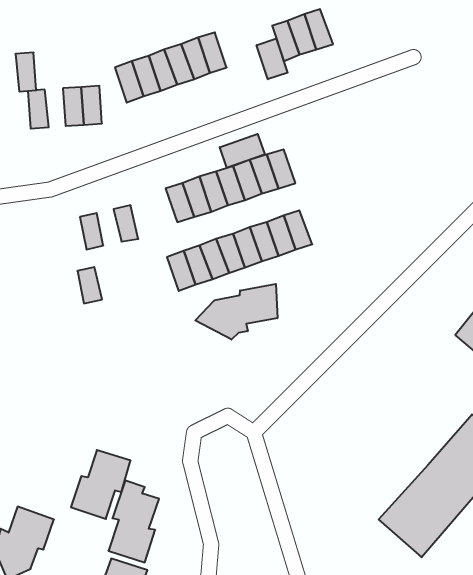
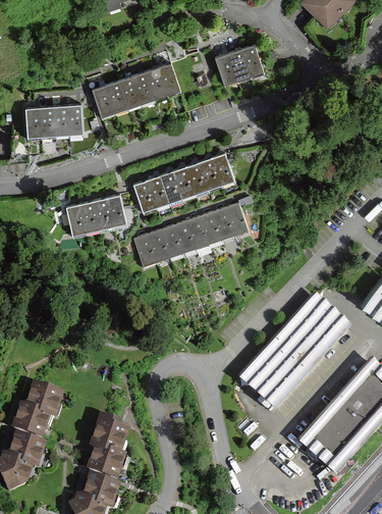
building: [257,39,288,79] -> none
building: [15,53,36,92] -> [38,105,54,136]
building: [220,134,265,168] -> none
building: none -> [105,194,124,223]
building: [77,267,102,303] -> [78,200,98,228]
building: [195,284,277,340] -> none
building: none -> [241,298,345,408]
building: [71,450,131,519] -> [14,382,61,436]

